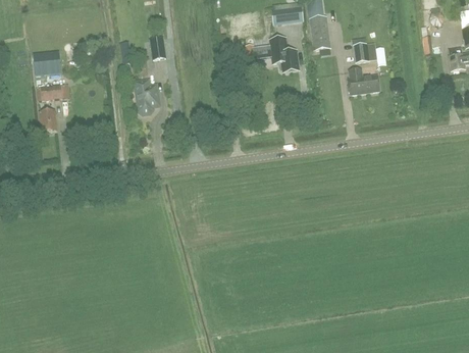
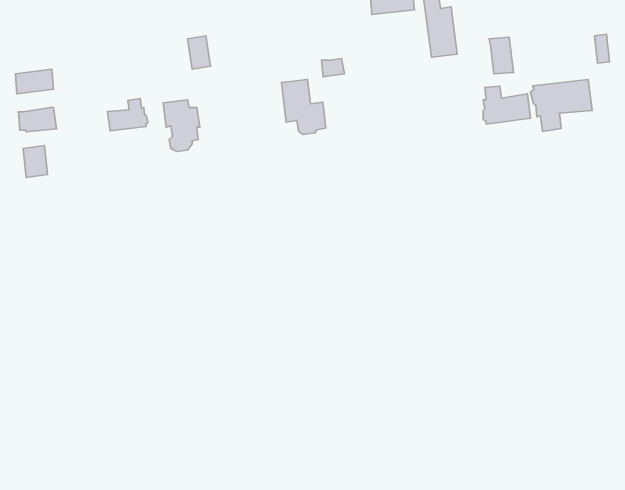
building: [269,34,299,70] -> [282,79,326,134]
building: none -> [531,80,592,131]
building: none -> [108,99,148,131]

